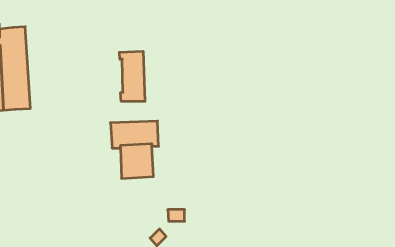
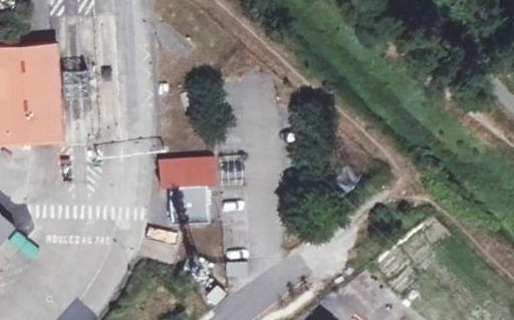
building: [119,51,145,101] -> none

